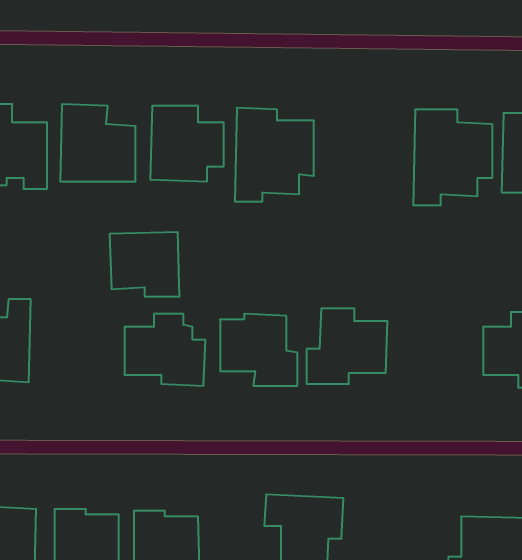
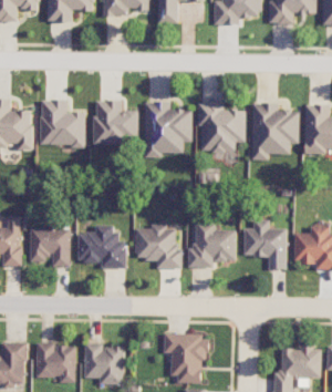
building: none -> [200,102,246,151]
building: [110,232,180,296] -> [30,227,72,266]
building: none -> [245,219,287,268]

